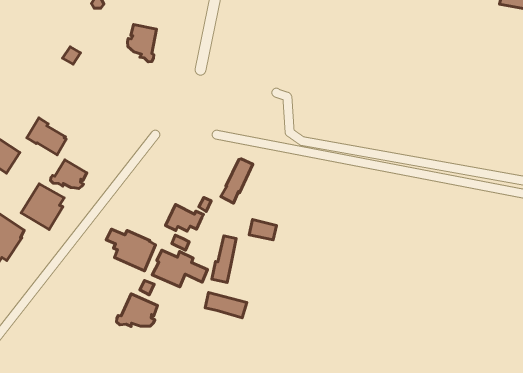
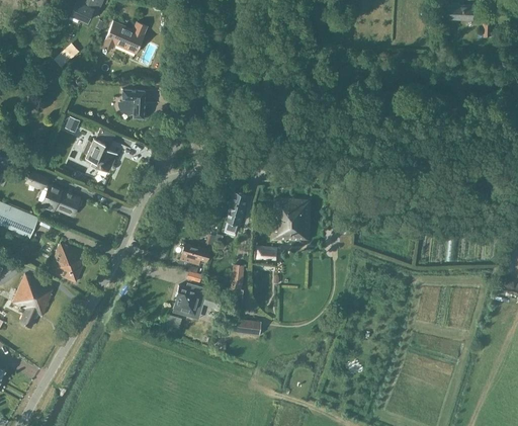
building: none -> [83,127,120,173]
building: [50,160,87,188] -> none
building: none -> [272,198,310,241]
building: [106,229,156,271] -> none
building: [117,294,158,327] -> none

